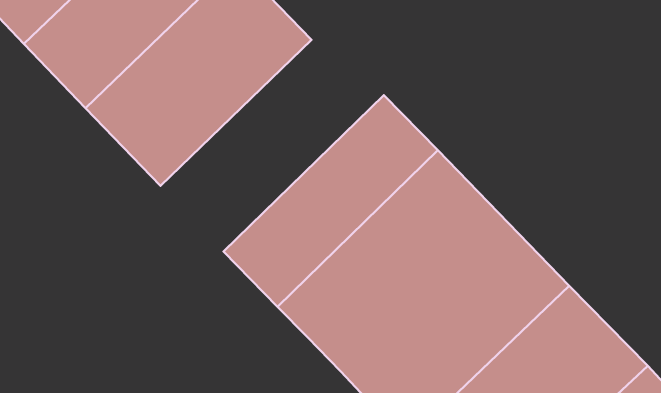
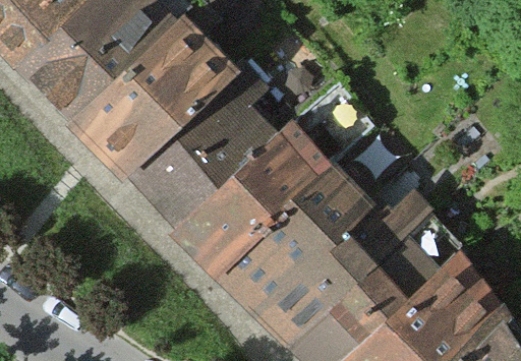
building: none -> [125,67,298,231]

